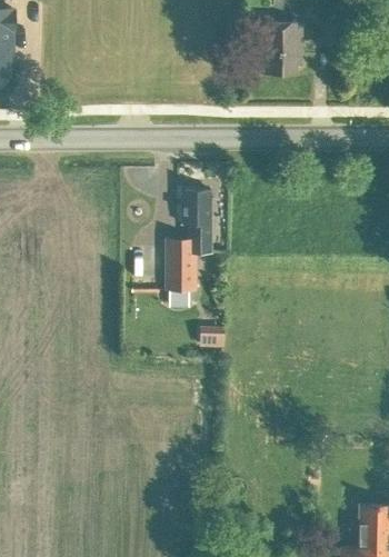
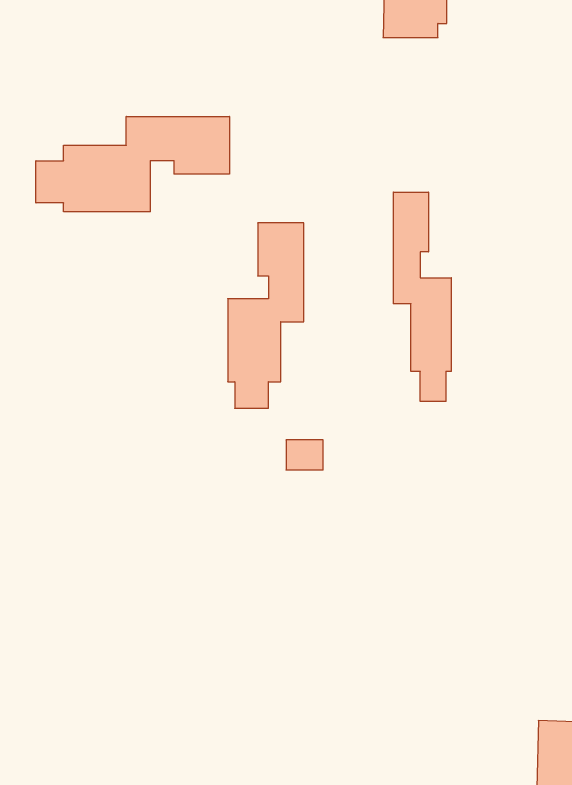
building: none -> [36,116,229,212]
building: none -> [393,192,451,401]

